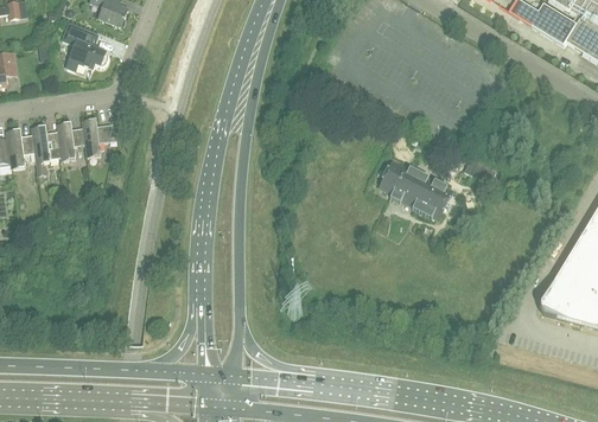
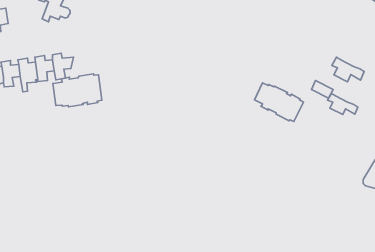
building: none -> [332,57,364,82]
building: none -> [53,74,102,107]
building: none -> [327,93,358,115]

